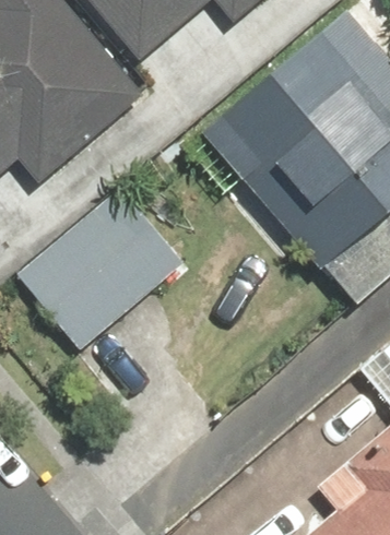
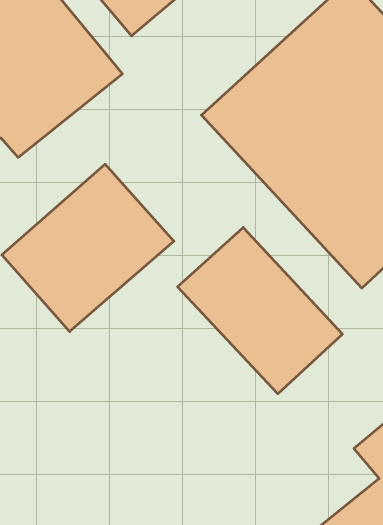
building: none -> [178,227,342,394]

